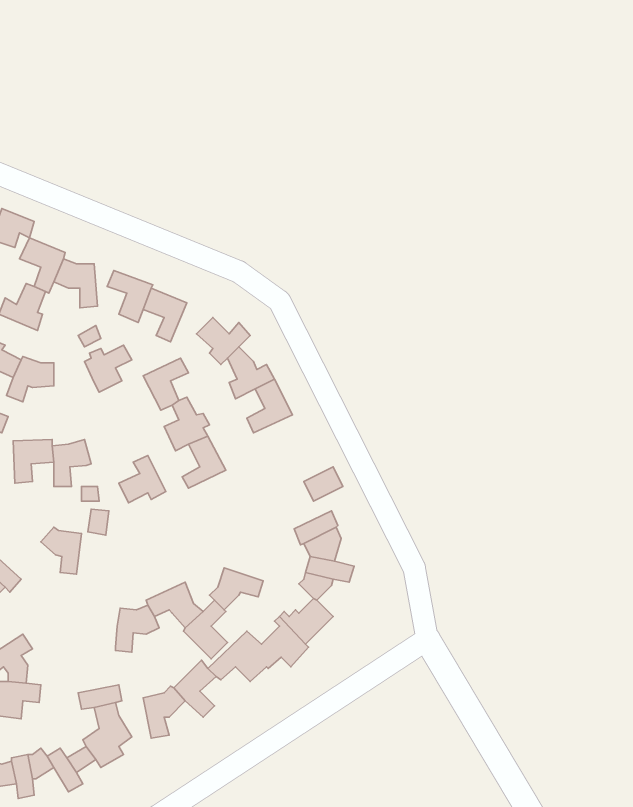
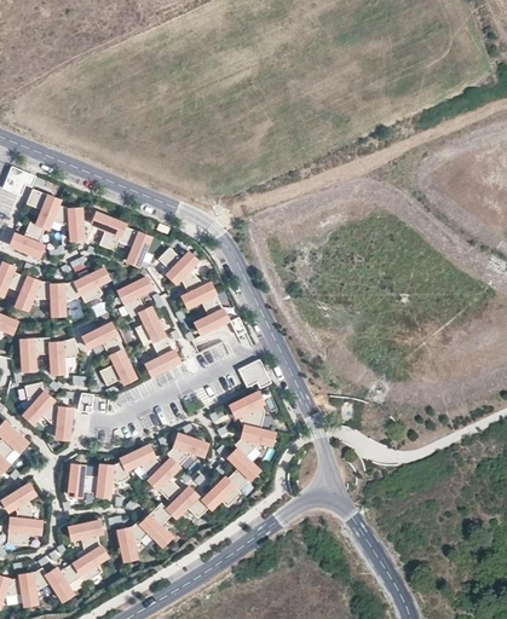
building: none -> [51,280,81,316]
building: none -> [82,323,123,357]
building: none -> [23,383,53,423]
building: none -> [68,464,98,497]

